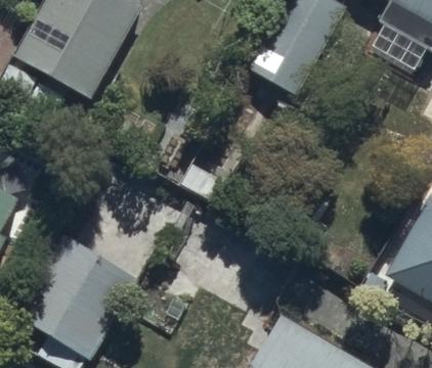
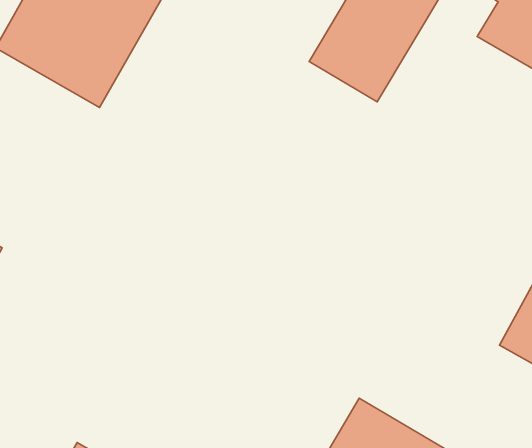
building: [27,235,140,342] -> none

